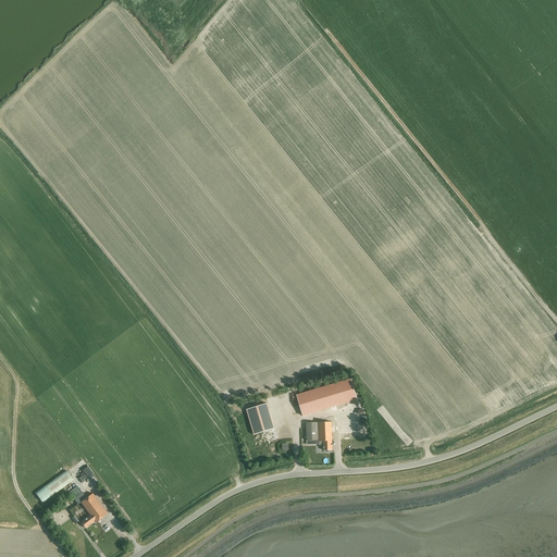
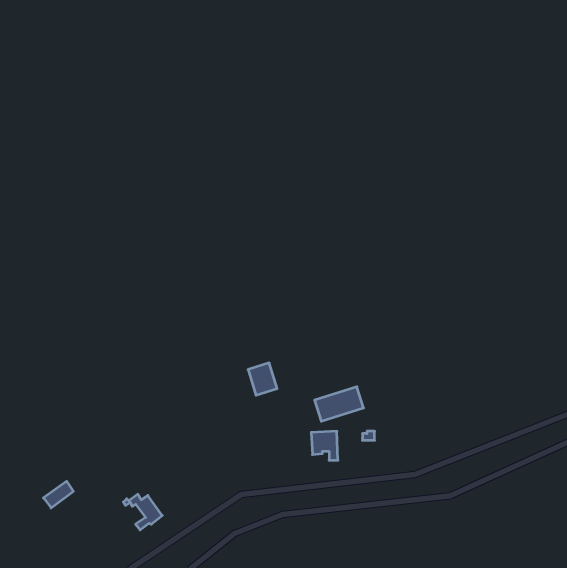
building: [245,401,273,433] -> [248,363,277,395]
building: [67,493,106,528] -> [123,494,162,530]

